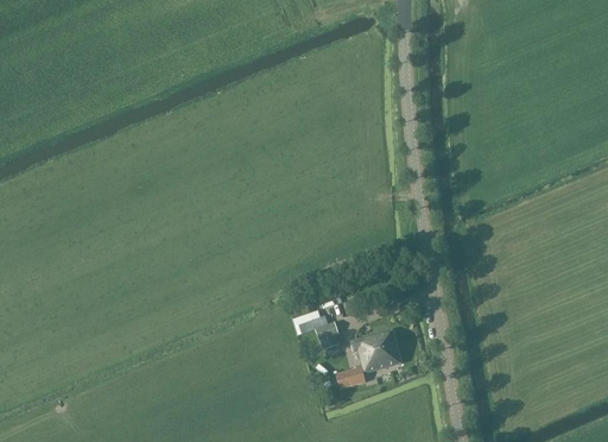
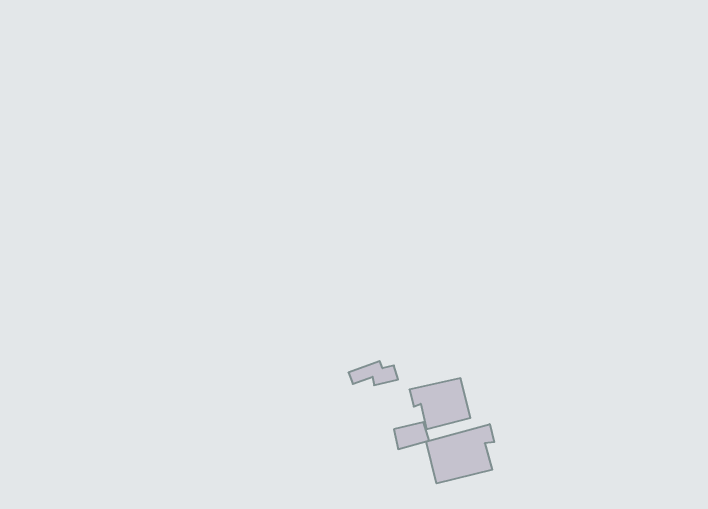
building: none -> [426,424,494,483]

